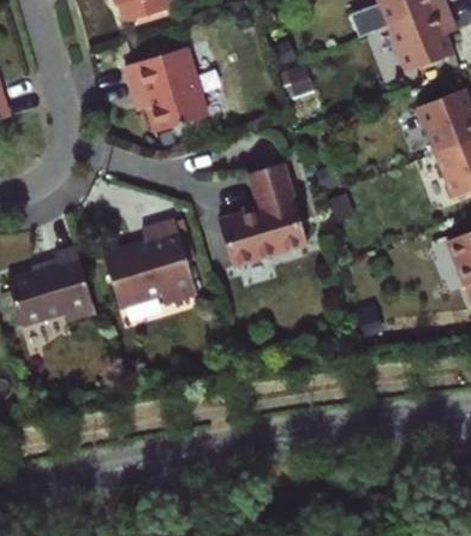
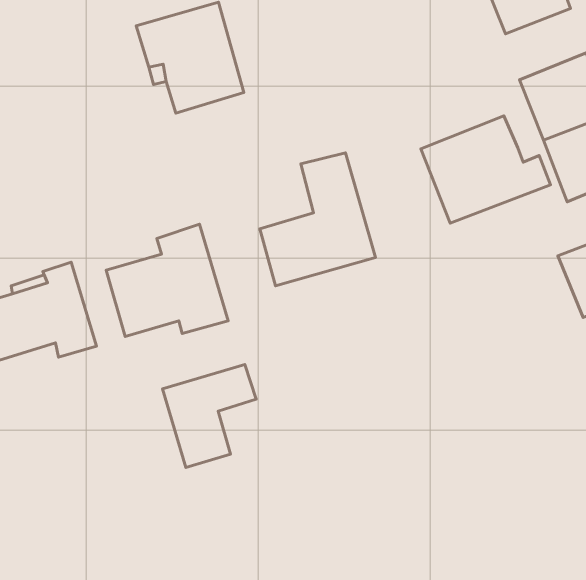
building: none -> [421,116,551,223]
building: none -> [163,365,256,468]

